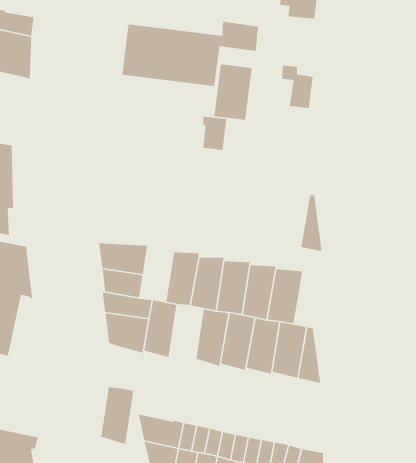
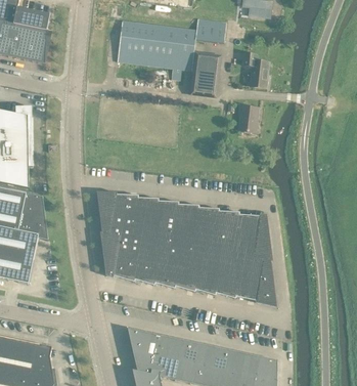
building: [202,116,227,151] -> [238,104,258,132]
building: [300,194,323,251] -> [253,215,270,260]
building: none -> [131,197,158,240]
building: [101,386,134,445] -> [154,242,181,288]

